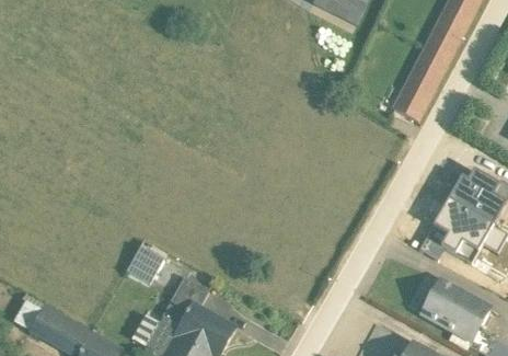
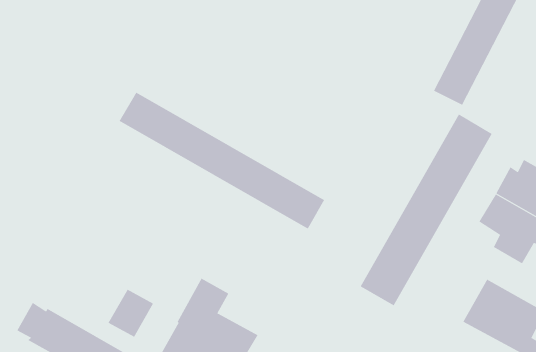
building: none -> [119,92,325,229]
building: none -> [360,114,493,306]
building: [126,240,168,284] -> [107,289,154,338]

